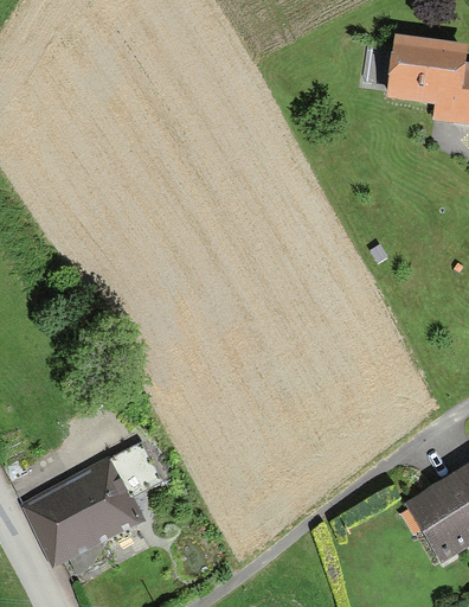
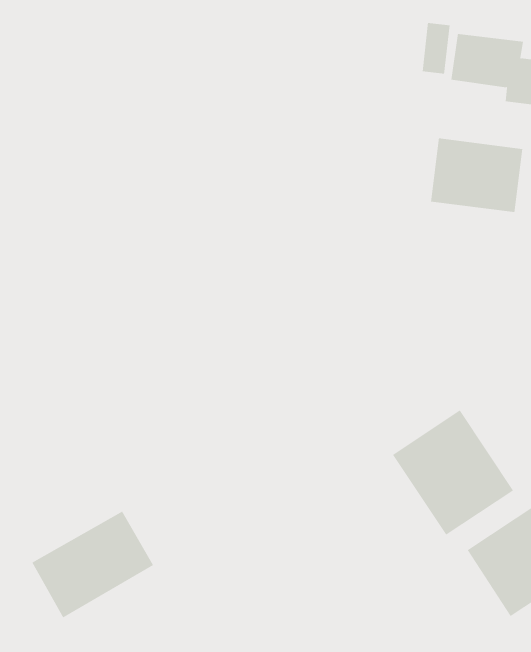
building: none -> [430,138,523,213]
building: none -> [392,410,514,536]

